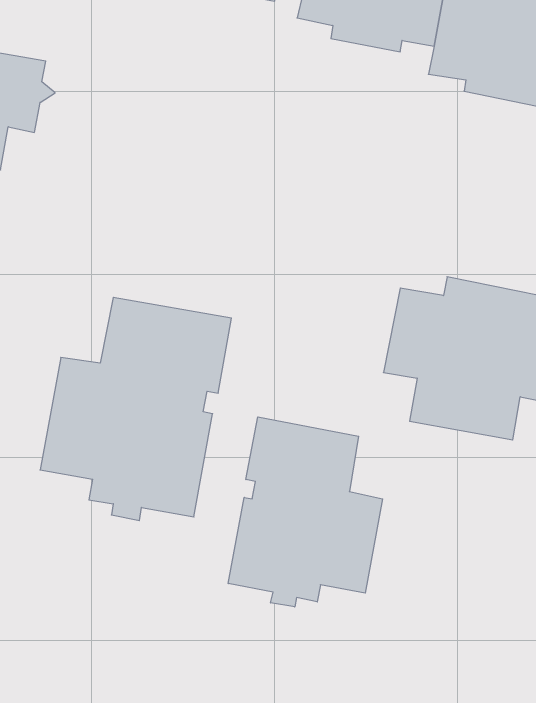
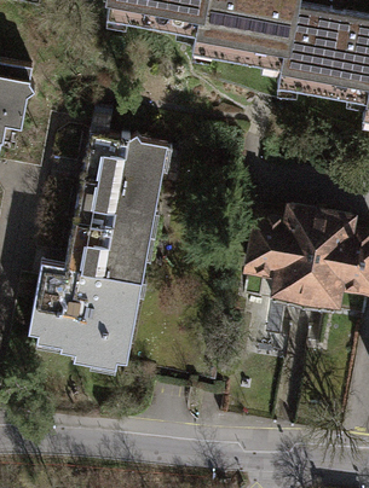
building: none -> [75,129,168,234]
building: [228,417,383,607] -> none

